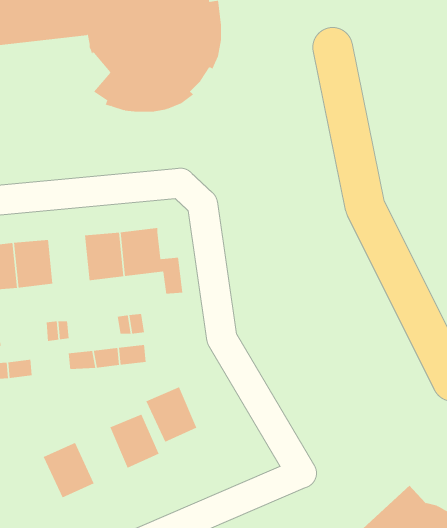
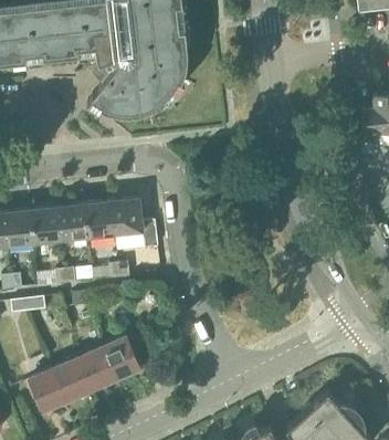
building: none -> [57,203,87,240]
building: [146,386,197,443] -> [77,347,116,389]
building: none -> [29,369,67,410]

